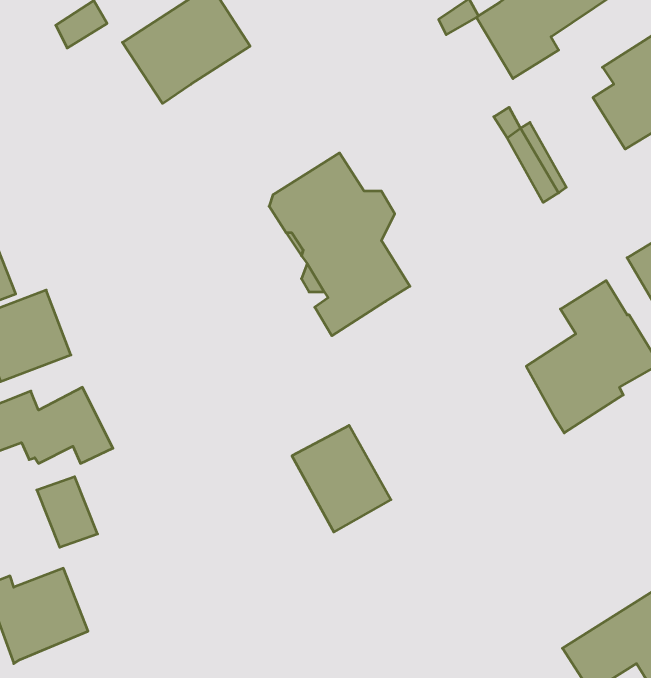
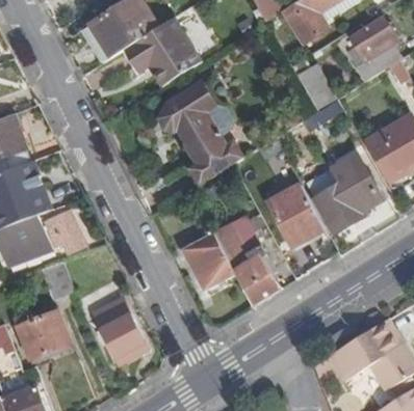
building: none -> [126,17,204,86]
building: none -> [267,184,325,247]
building: none -> [212,216,279,305]
building: none -> [93,299,144,363]

